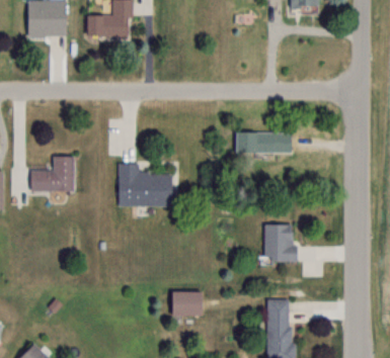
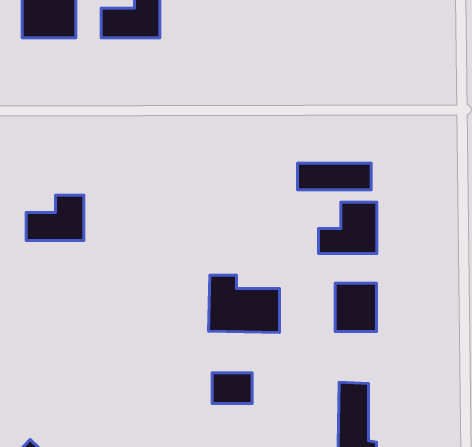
building: none -> [318,202,377,253]
building: [119,164,172,207] -> [209,275,279,333]

